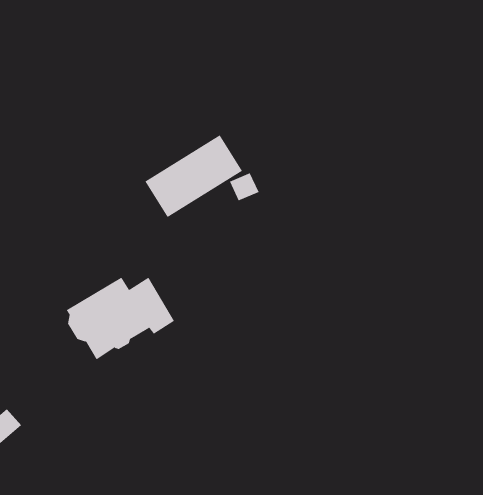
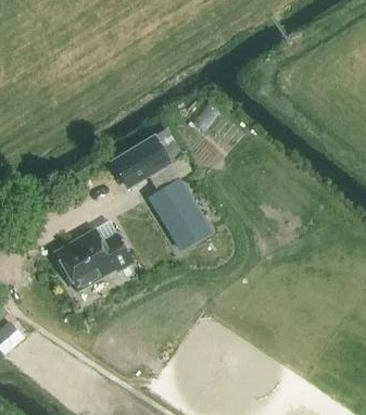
building: none -> [149,179,207,250]

